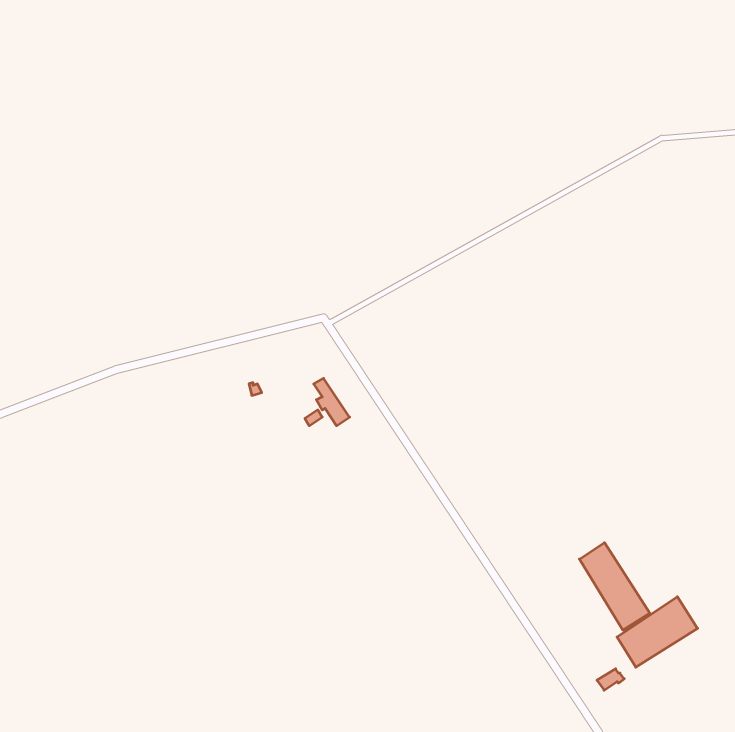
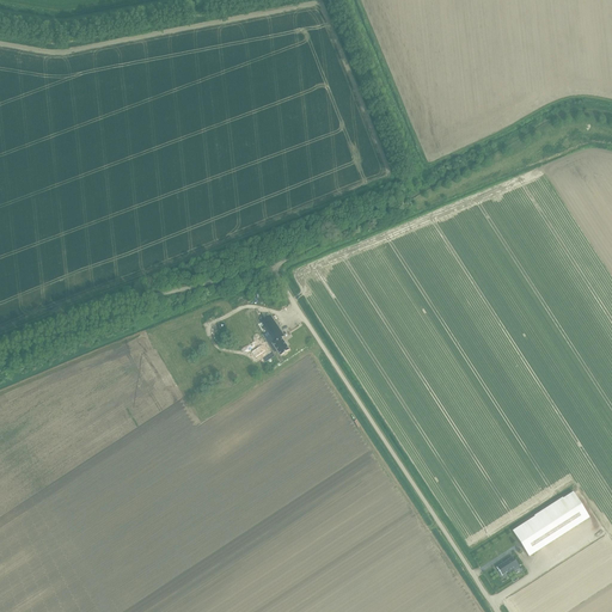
building: [579,543,650,630] -> none

